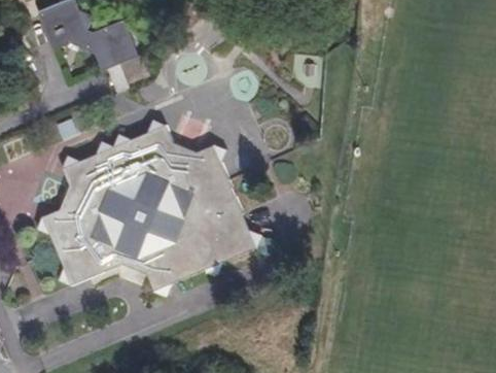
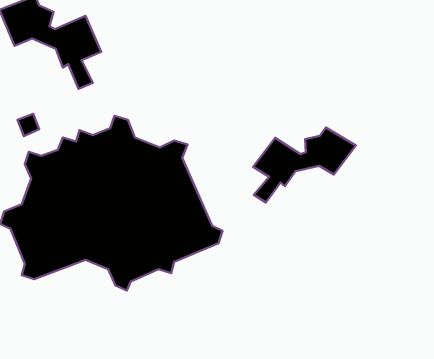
building: none -> [253,128,356,203]

